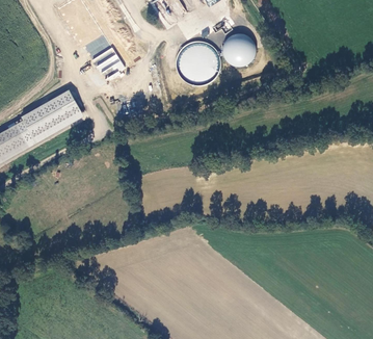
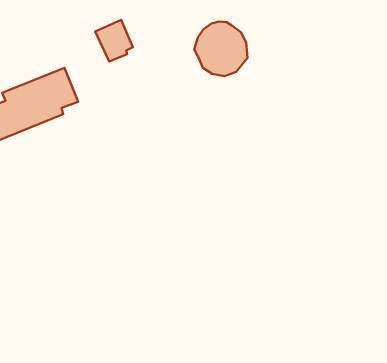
building: [222,32,256,68] -> none

